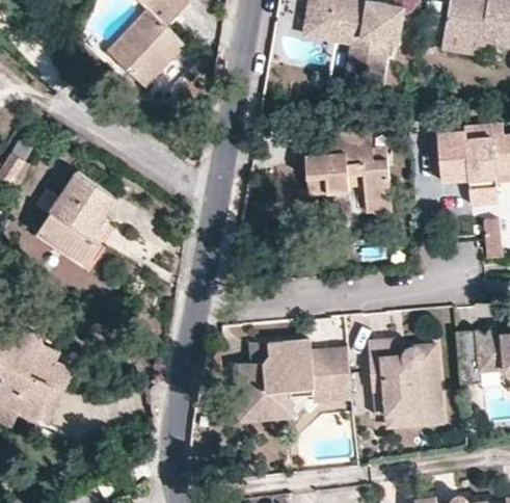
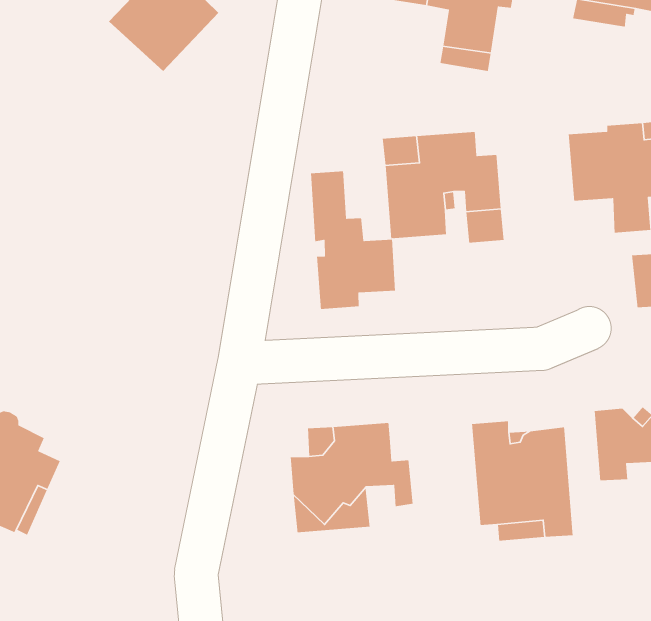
building: none -> [310,170,396,310]
building: [36,170,117,264] -> none
building: [311,348,352,400] -> none

